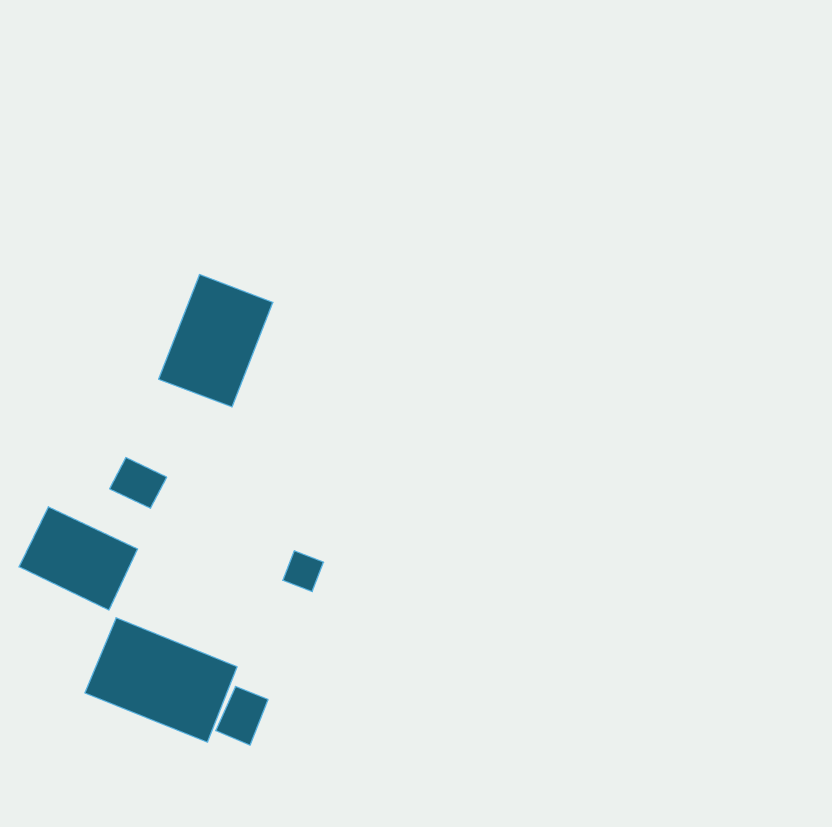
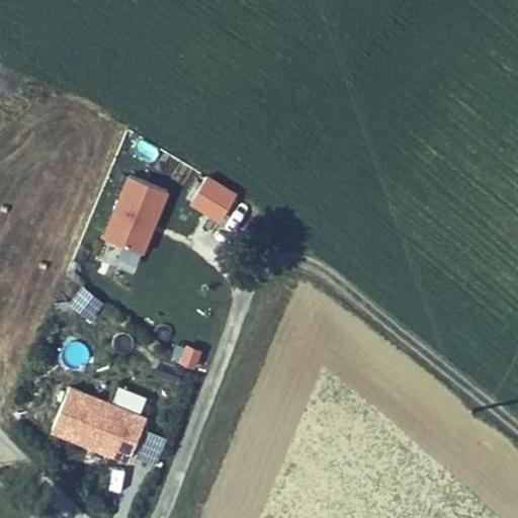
building: none -> [194,177,239,219]
building: [19,507,138,610] -> none

